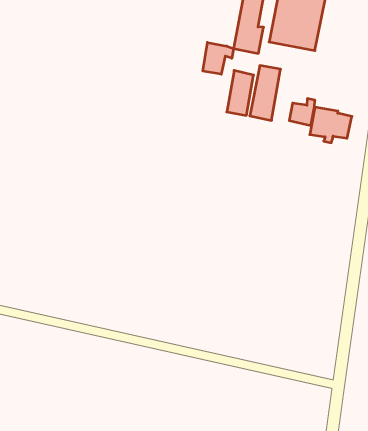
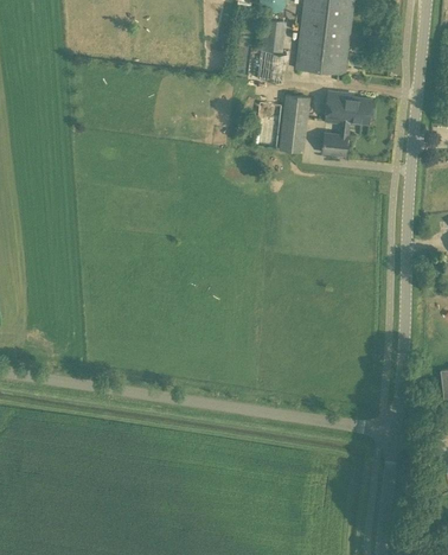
building: [203,42,233,74] -> none
building: [310,107,352,143] -> [325,91,369,128]

